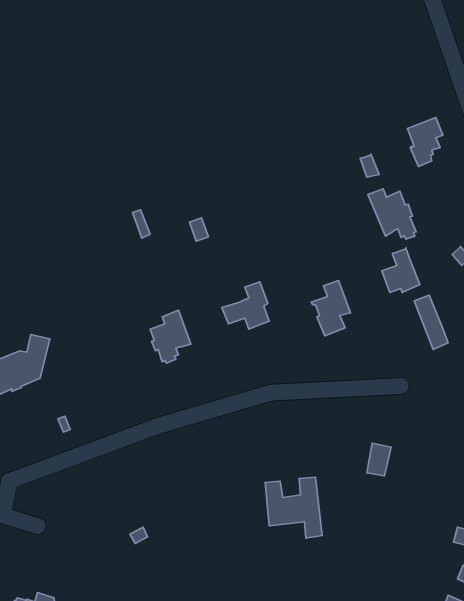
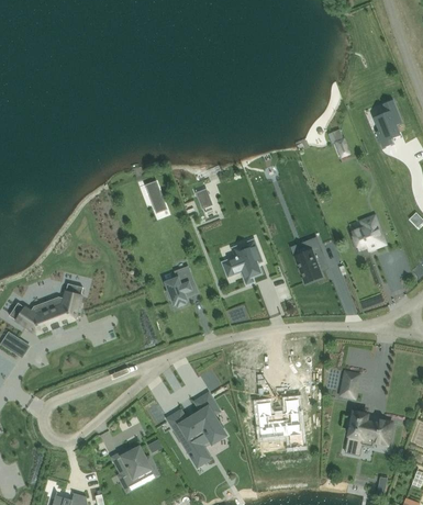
building: [368,189,416,239] -> none
building: none -> [168,394,224,465]
building: none -> [346,411,391,447]
building: none -> [115,447,154,491]

